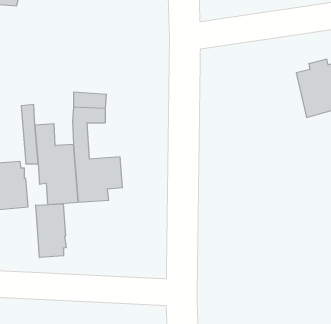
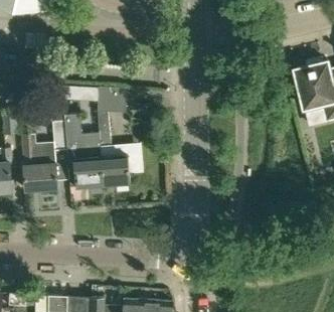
building: [36,204,66,258] -> none

